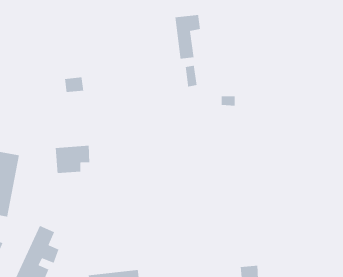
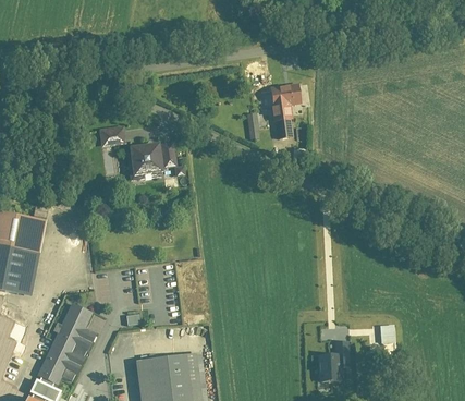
building: [174,14,201,60] -> [270,83,302,137]
building: [55,145,90,174] -> [132,142,174,177]

